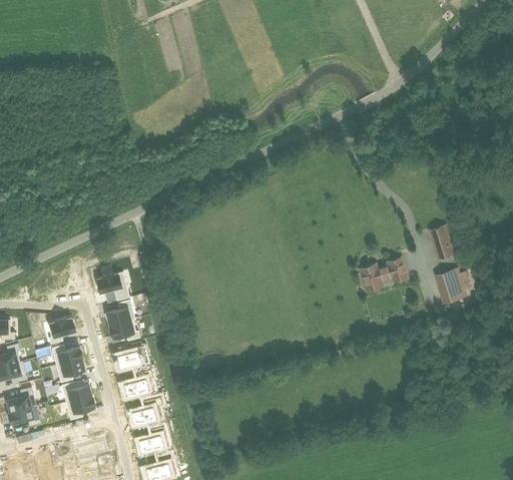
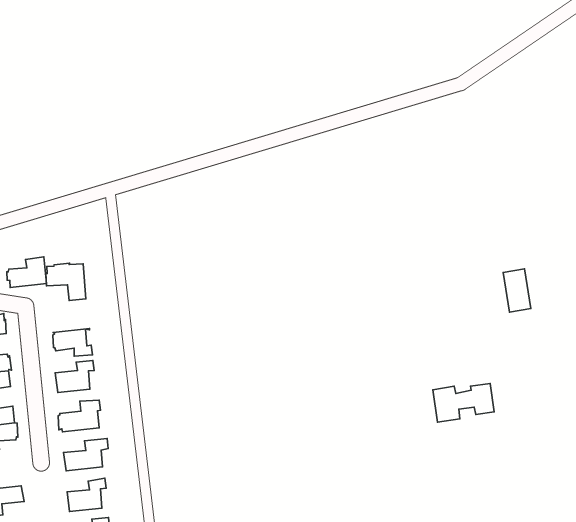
building: [360,259,407,293] -> [433,384,494,422]
building: [440,269,471,303] -> none
building: [105,300,135,326] -> [7,257,46,287]

